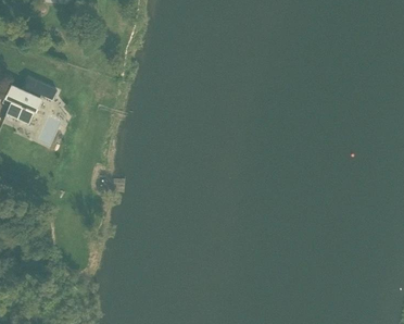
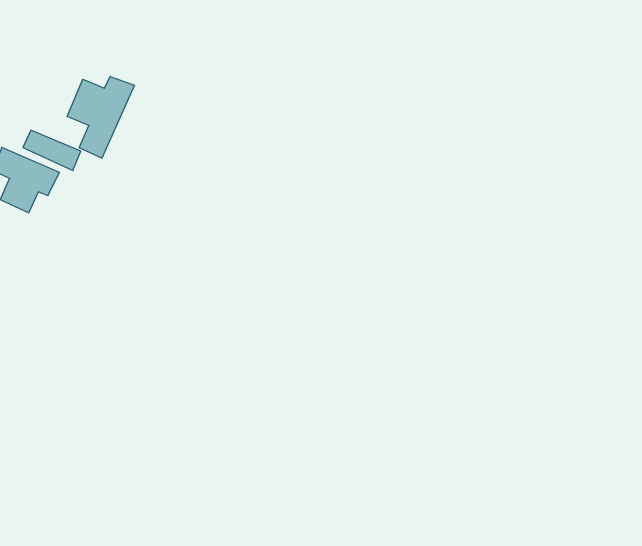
building: none -> [67,76,134,158]

